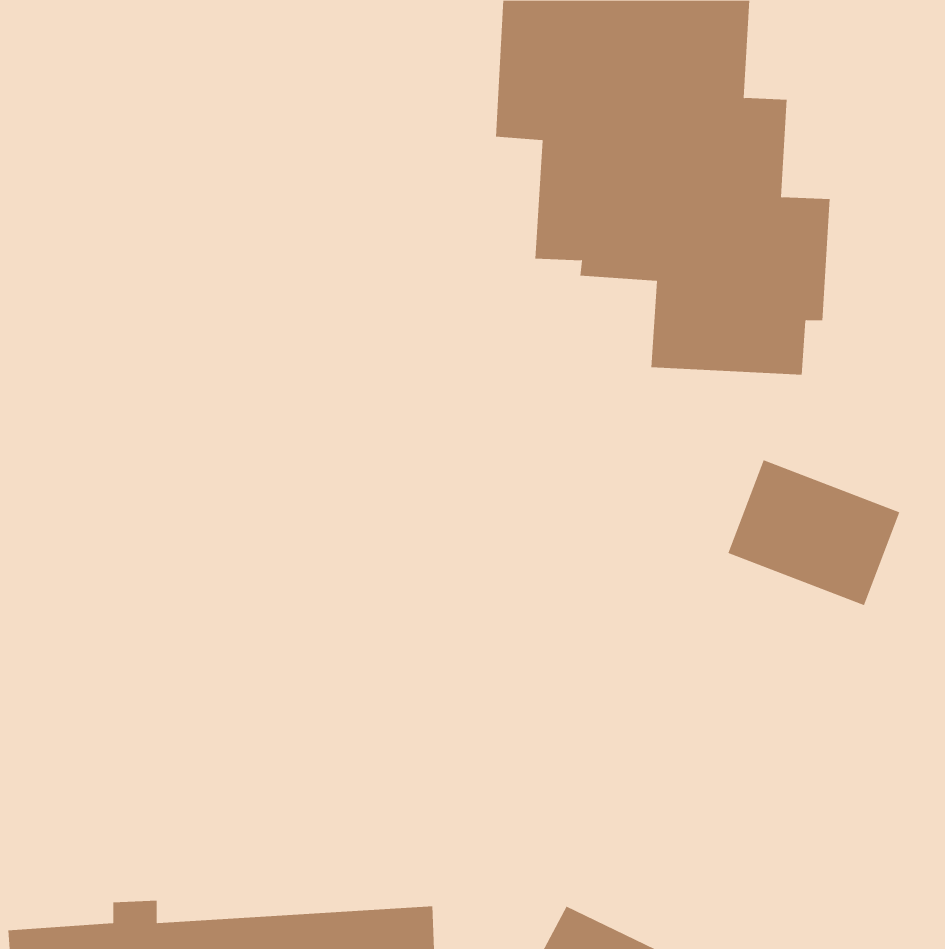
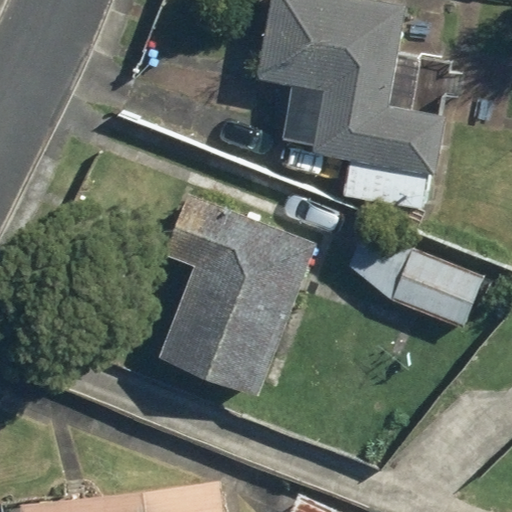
building: none -> [154,195,319,400]

